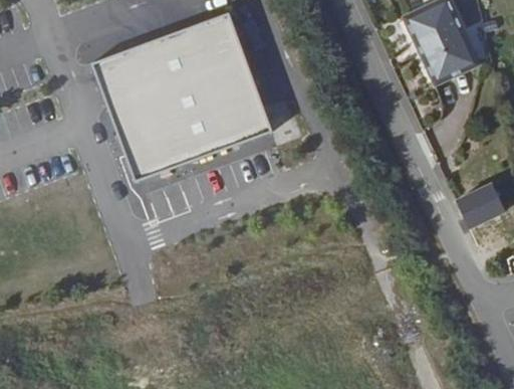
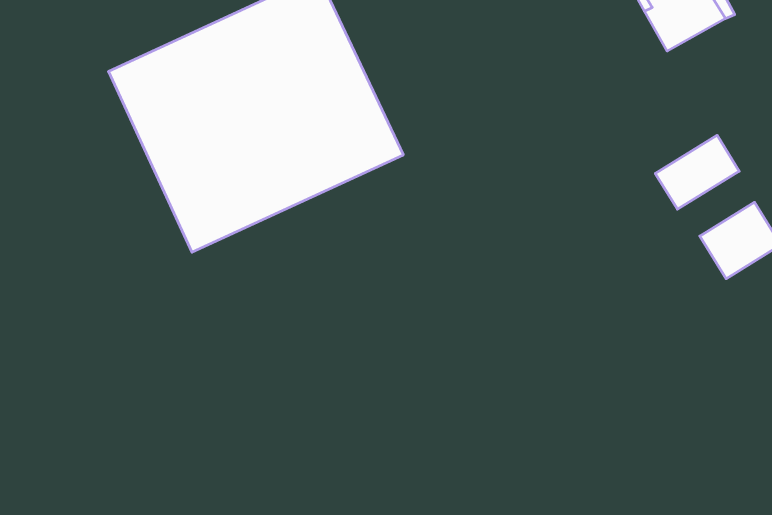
building: none -> [655,135,739,209]

